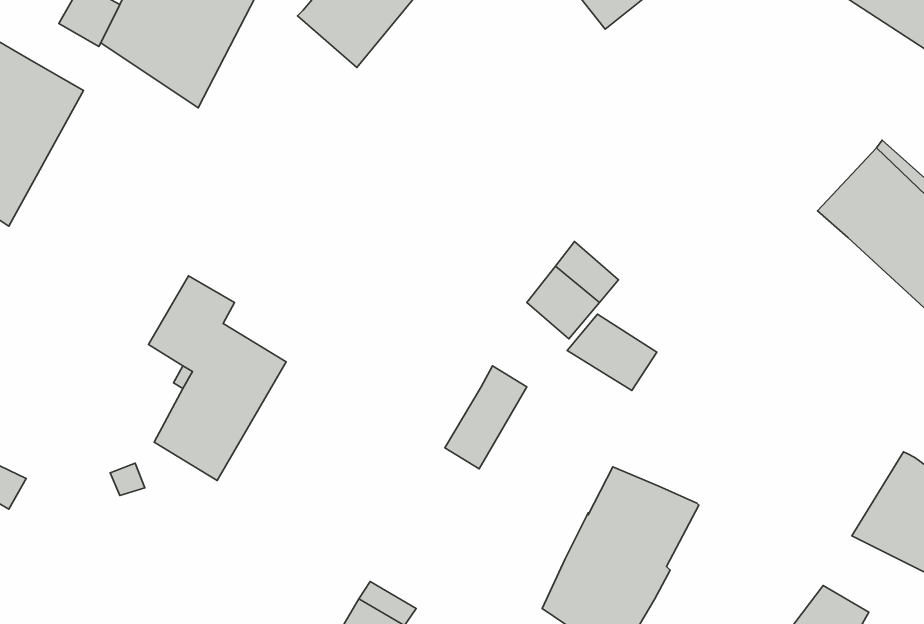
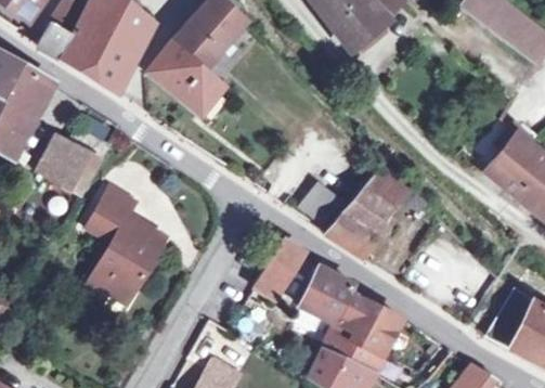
building: none -> [148,41,222,113]
building: none -> [38,128,109,195]
building: none -> [341,163,405,232]
building: none -> [300,269,354,324]

